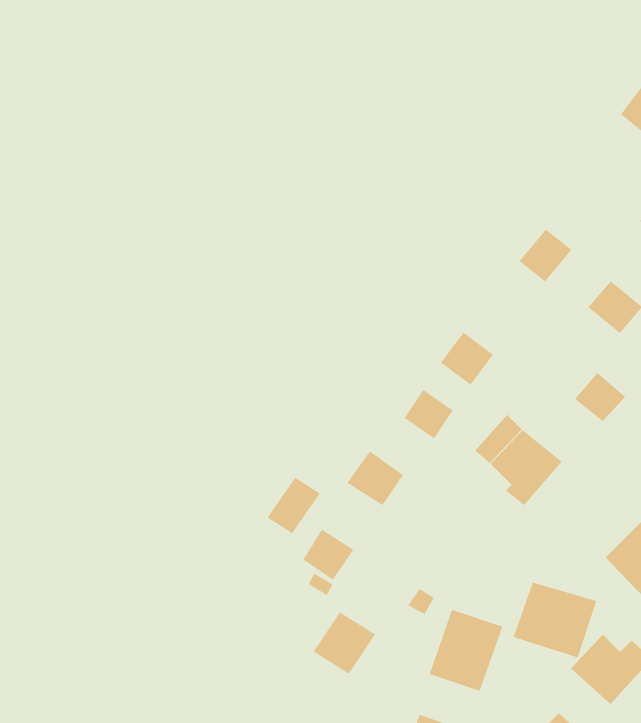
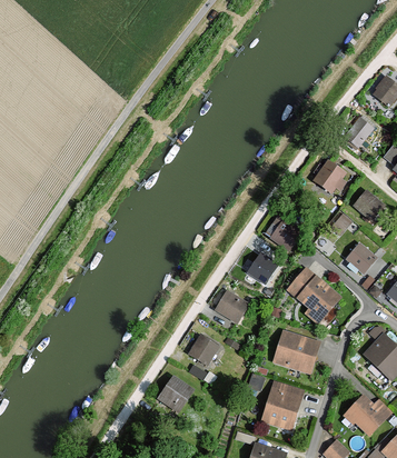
building: none -> [345,116,376,149]
building: [267,477,320,534] -> none
building: [513,582,597,658] -> [272,330,321,375]
building: [313,611,376,675] -> [155,377,191,414]

